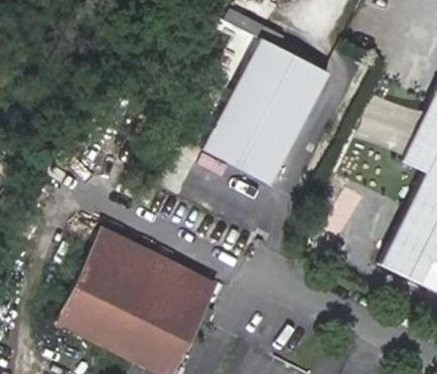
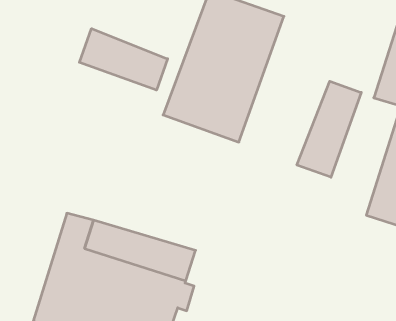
building: none -> [79,29,168,90]
building: none -> [297,81,361,177]

